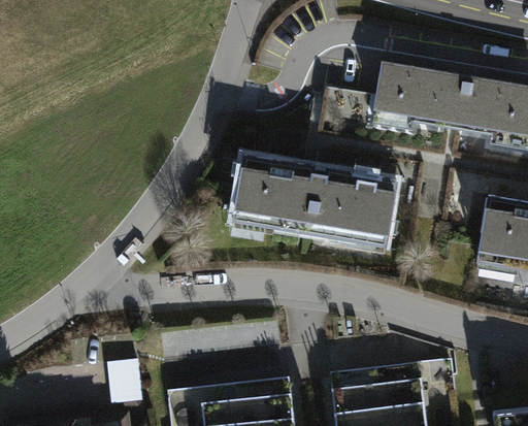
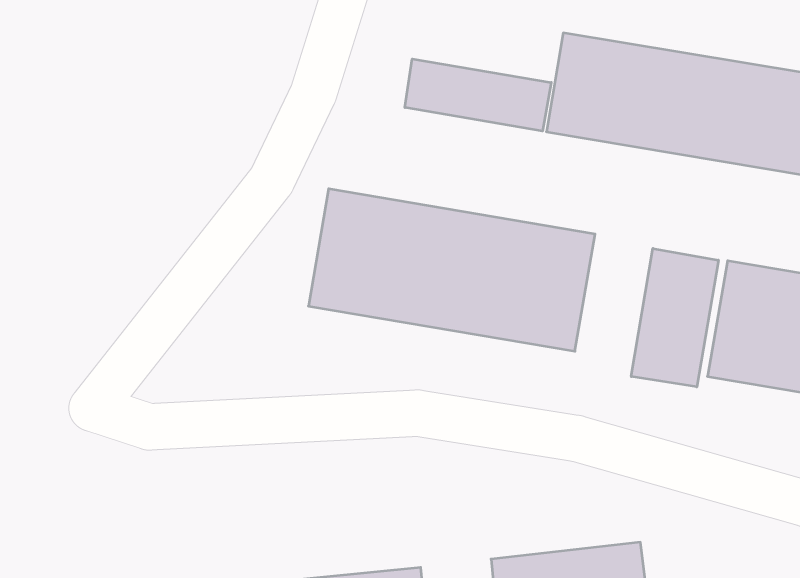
building: none -> [405,59,551,131]
building: none -> [631,248,718,387]

